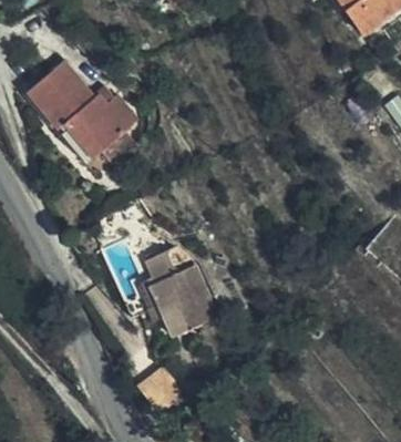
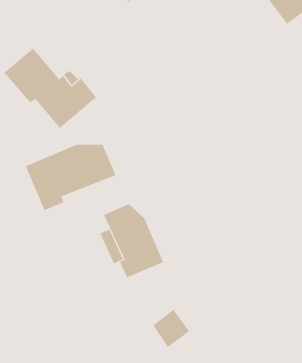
building: none -> [25,144,116,211]
building: [138,364,183,411] -> [153,309,190,348]

